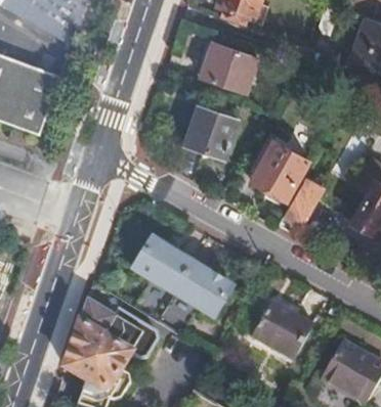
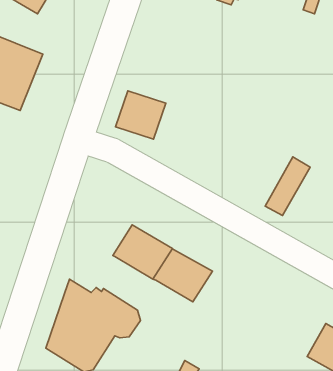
building: [201,44,258,93] -> none
building: [186,110,237,159] -> [115,91,166,139]
building: [253,139,309,199] -> none
building: [251,305,308,360] -> none

